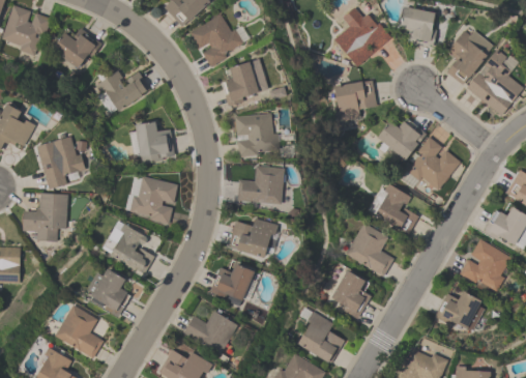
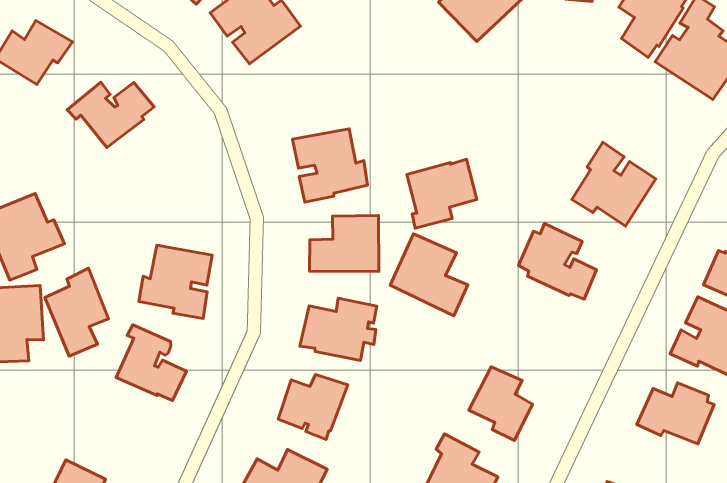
building: [221,62,258,106] -> none
building: [333,80,376,120] -> [407,159,477,228]
building: [377,118,426,161] -> none
building: [135,122,174,163] -> none
building: none -> [45,268,109,356]
building: [345,222,393,275] -> [390,234,468,316]
building: [87,269,127,316] -> none

